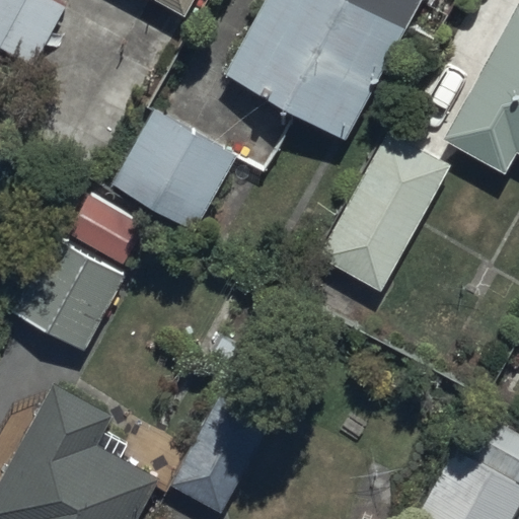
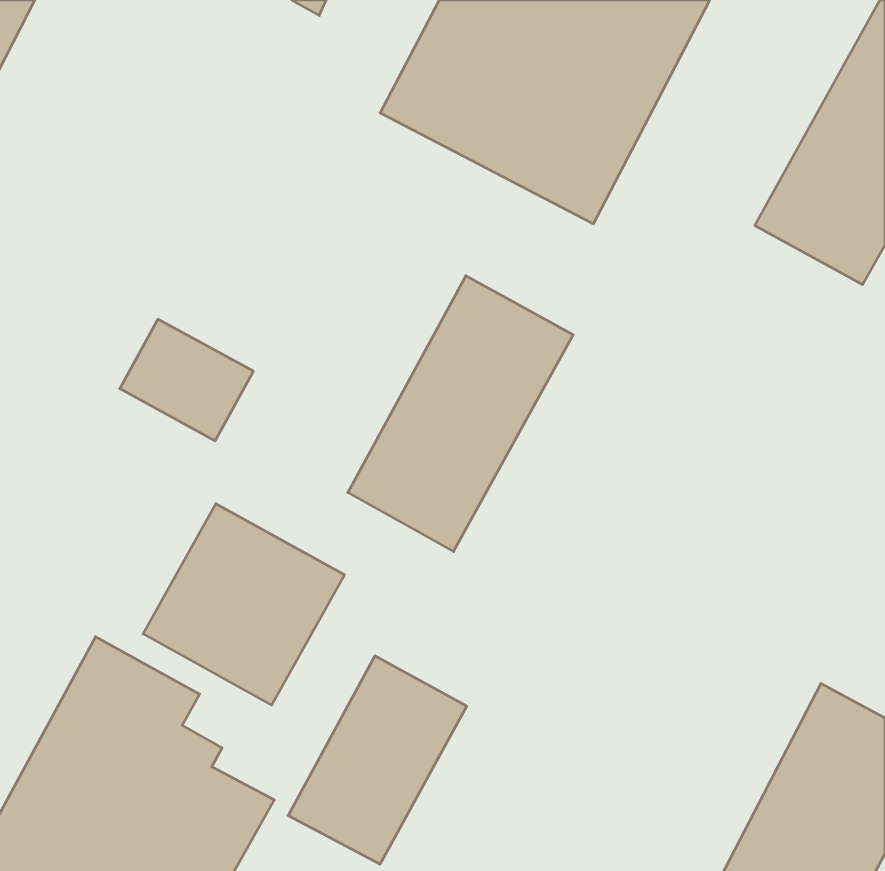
building: [110,108,241,233] -> none
building: [317,133,449,294] -> [348,276,573,552]
building: [9,236,127,354] -> [143,504,344,705]

